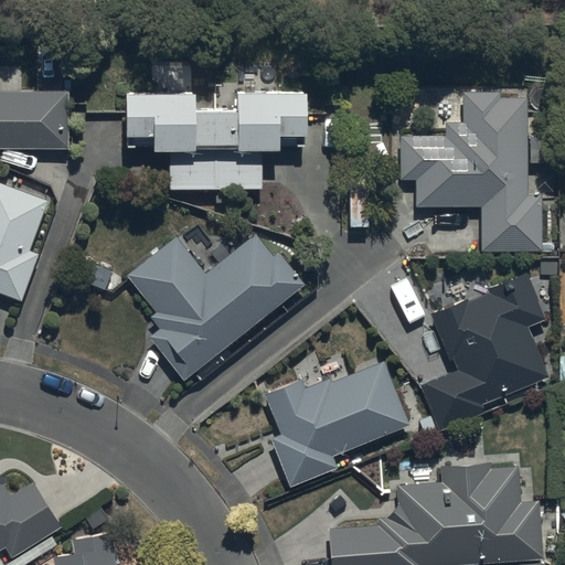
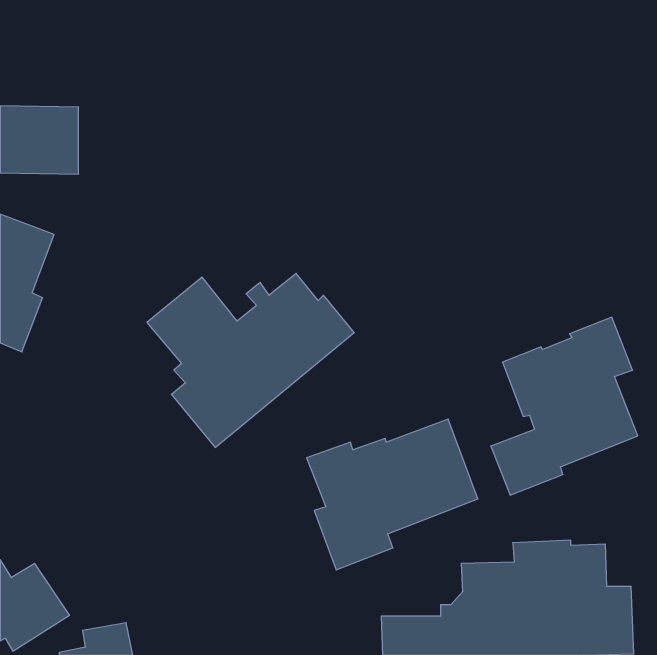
building: [124,90,305,190] -> none
building: [399,93,541,252] -> none

